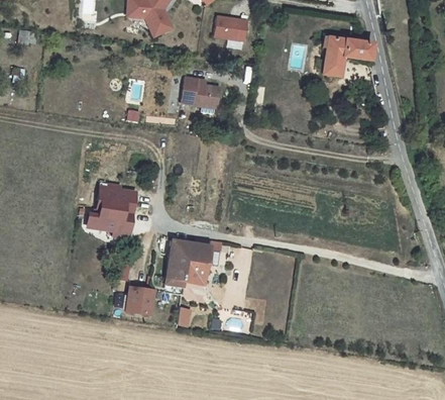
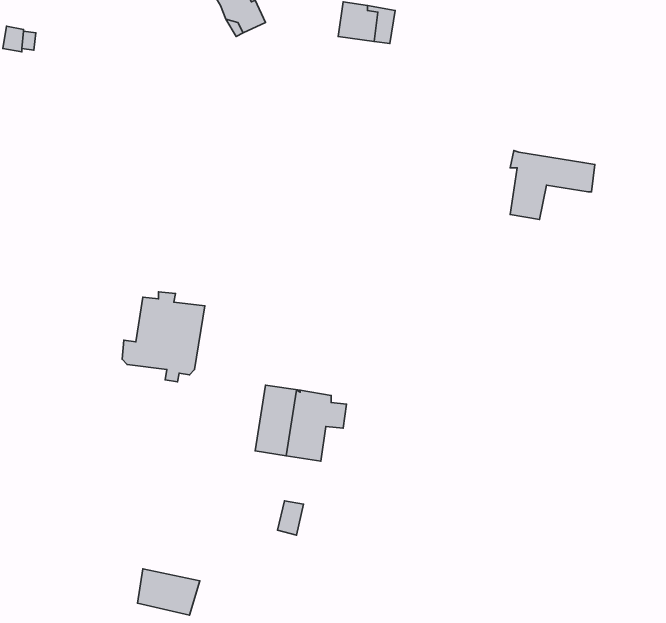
building: [323,36,372,77] -> [510,151,595,220]
building: [182,78,219,108] -> none
building: [127,288,163,315] -> [138,569,200,615]

